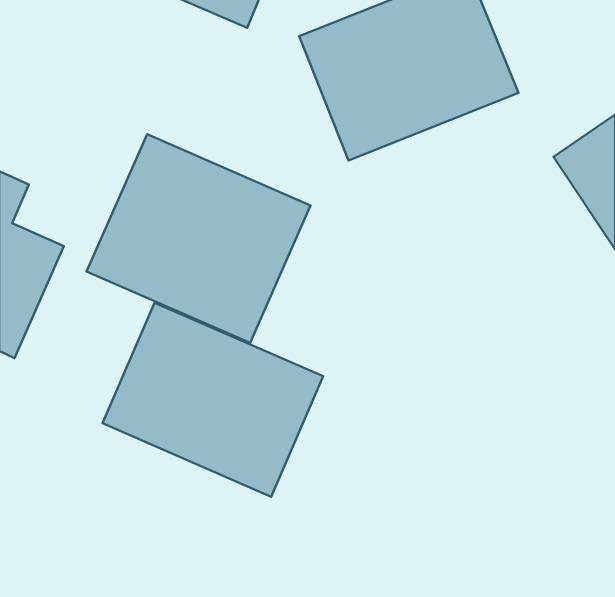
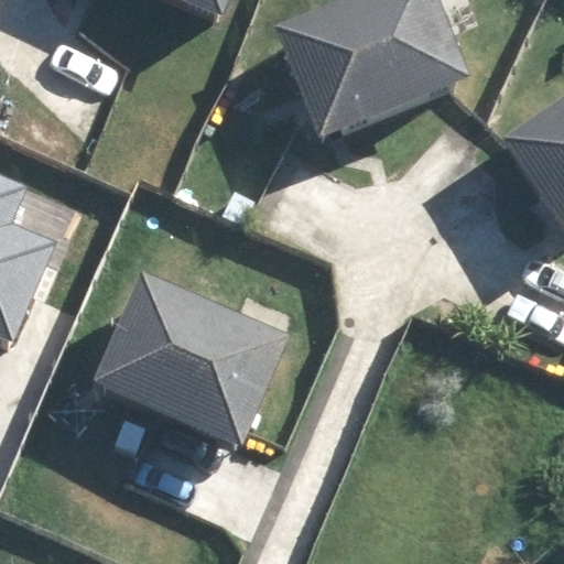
building: [87,134,311,343] -> none

